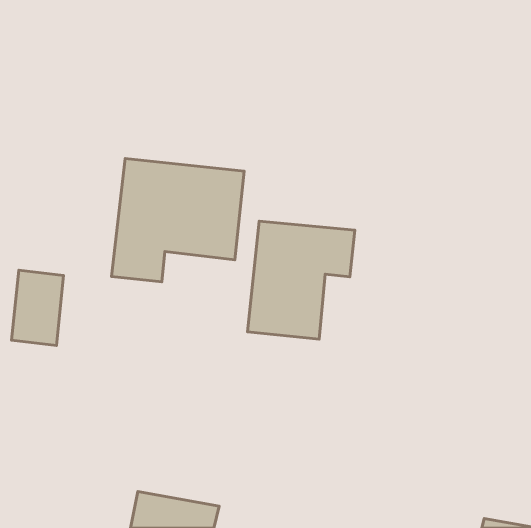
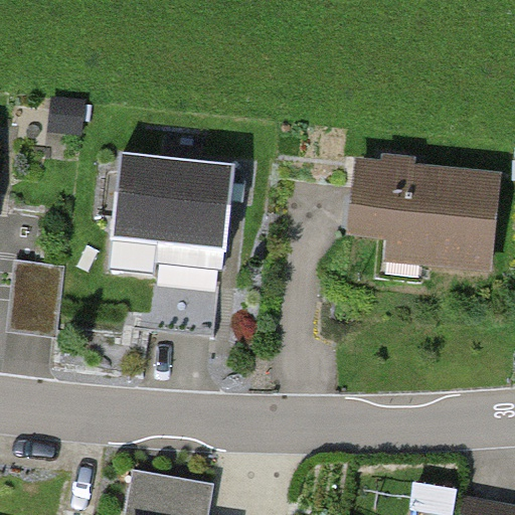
building: none -> [350,164,498,266]
building: [247,221,355,339] -> none

